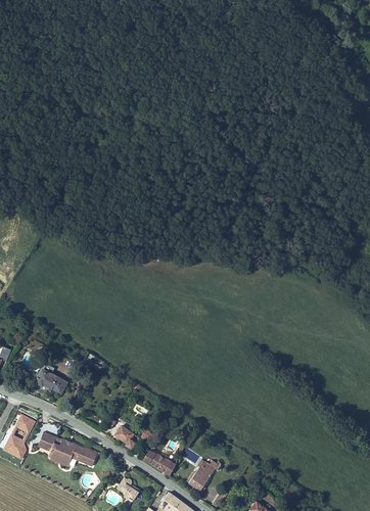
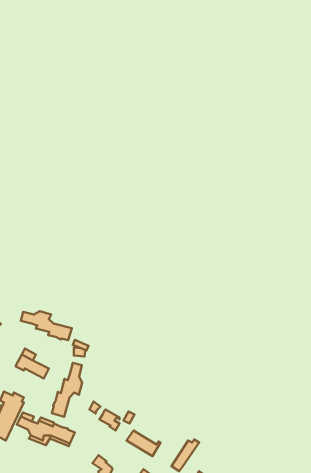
building: none -> [21,311,72,340]
building: none -> [52,363,82,417]

